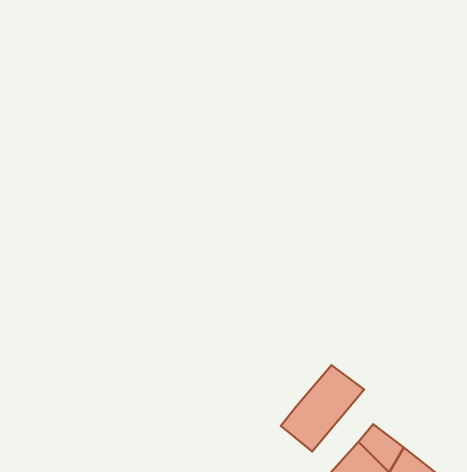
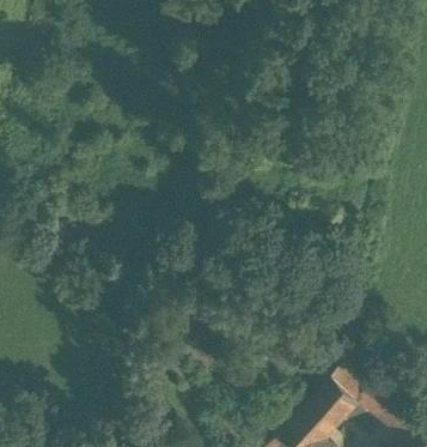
building: [281,365,364,452] -> none

